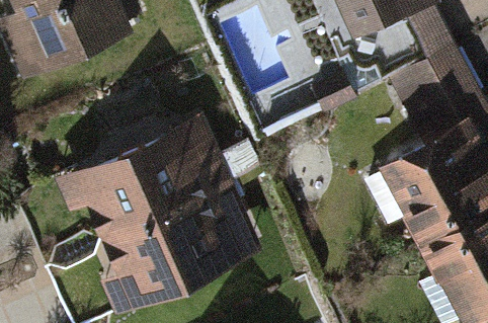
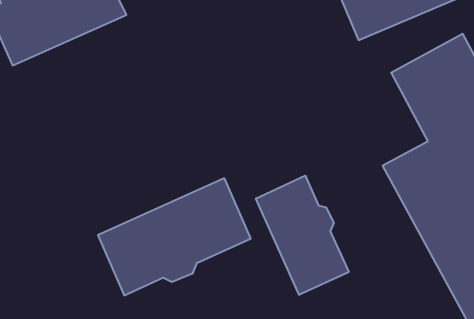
building: [79,122,227,234] -> none
building: none -> [256,176,349,295]

